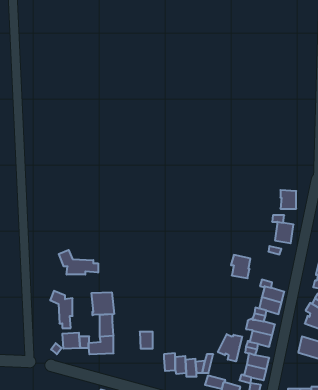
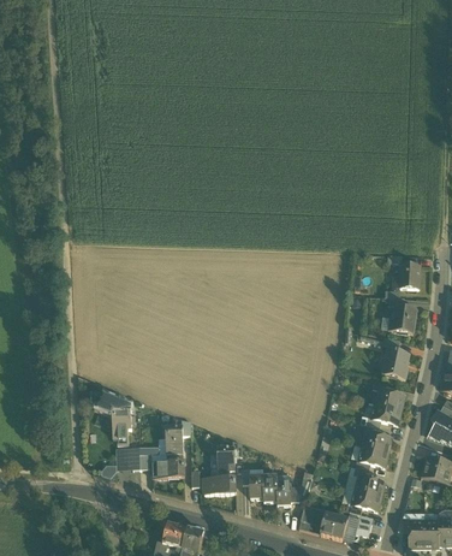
building: [59,250,98,275] -> none
building: [231,255,250,278] -> [383,349,409,379]
building: [92,292,114,315] -> none
building: [218,334,242,361] -> none
building: none -> [203,469,236,493]

